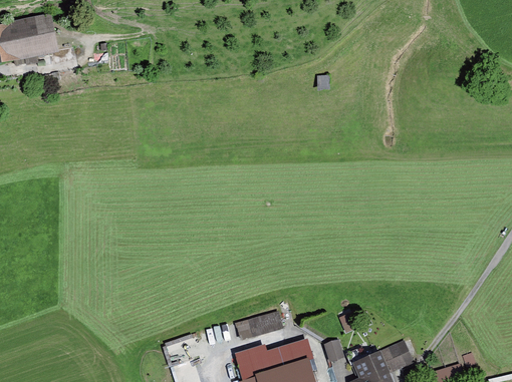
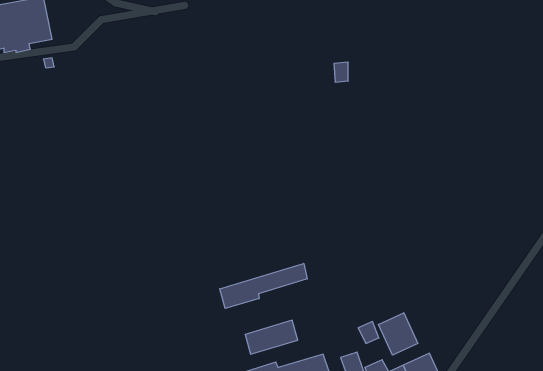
building: none -> [220,263,307,308]
building: none -> [378,313,418,355]

